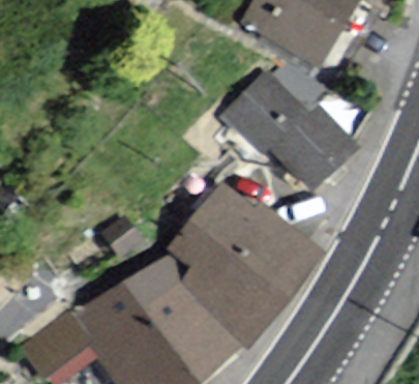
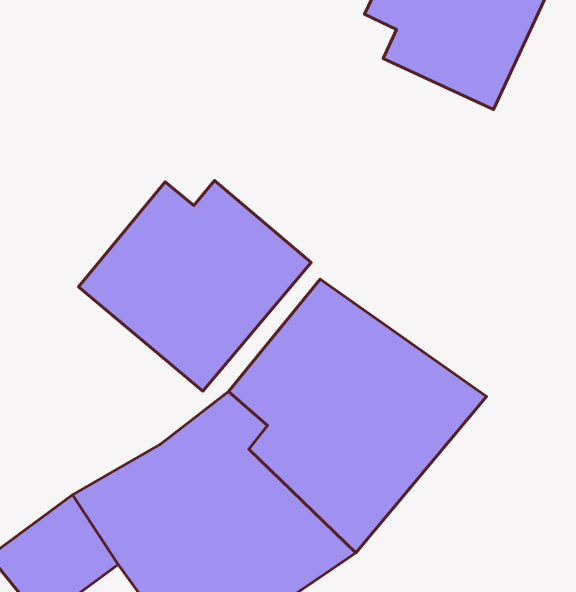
building: [220,70,362,195] -> none
building: none -> [78,181,311,391]

